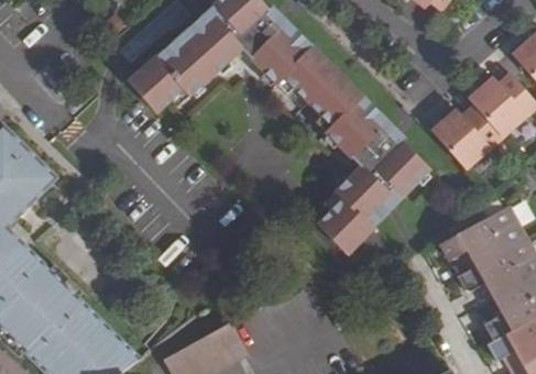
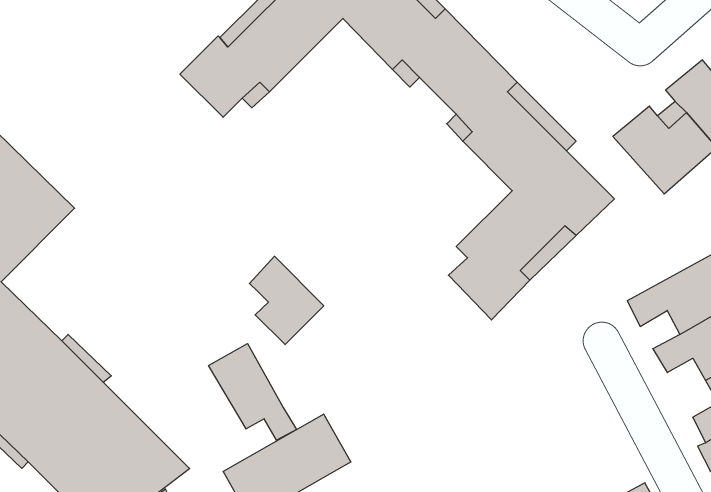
building: none -> [249,256,324,345]
building: none -> [209,344,297,440]

